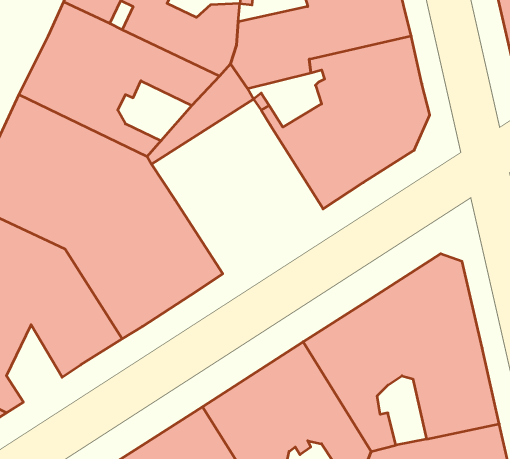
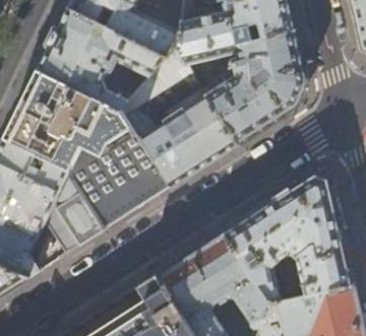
building: none -> [138,87,236,185]

